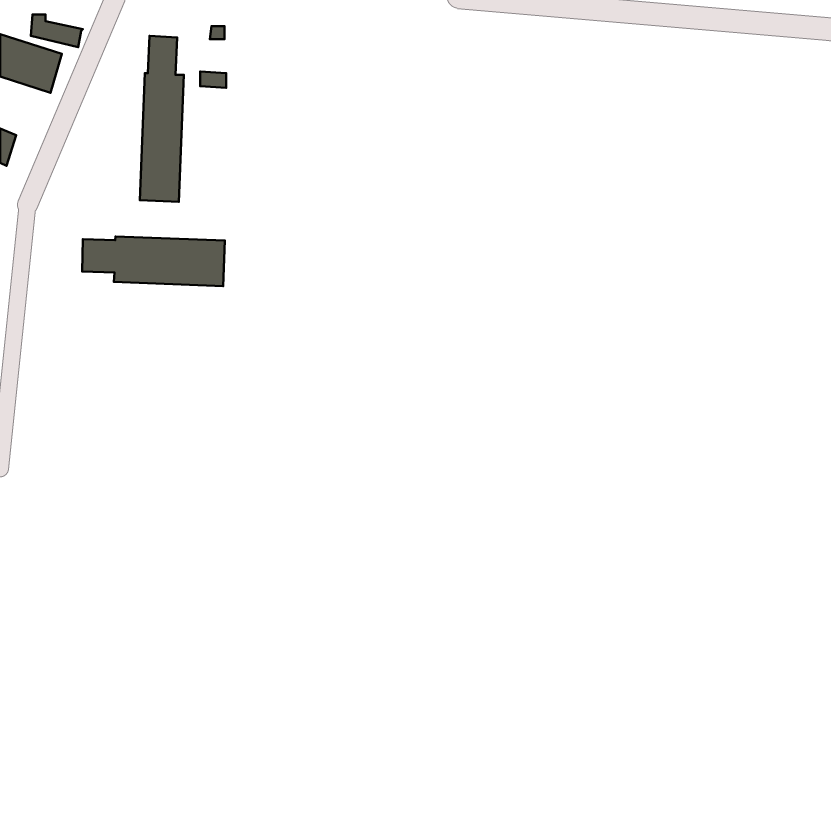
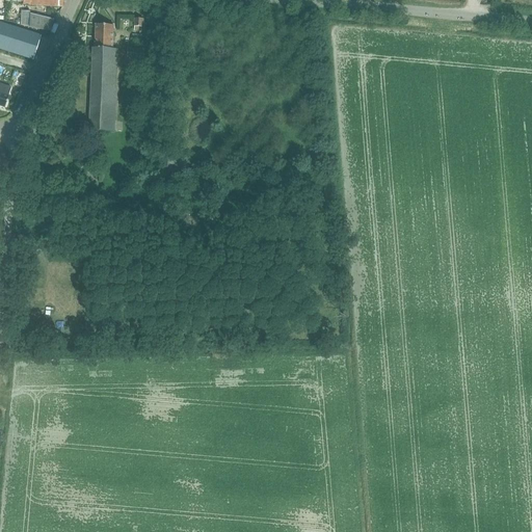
building: [82,236,225,286] -> none

